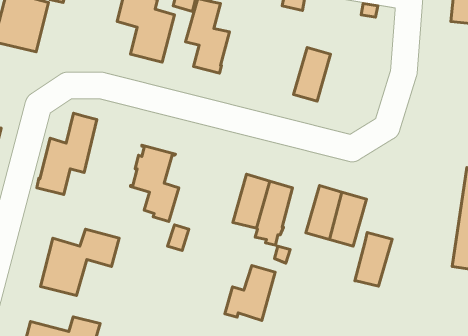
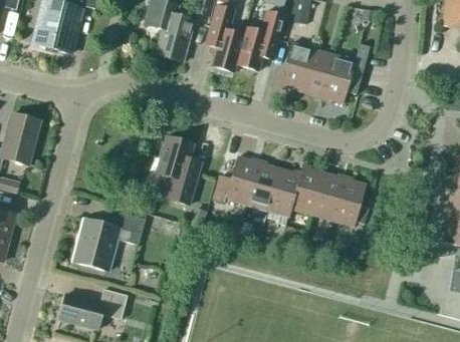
building: none -> [236,10,286,70]
building: none -> [279,42,313,90]
building: none -> [322,54,356,102]
building: [37,113,97,195] -> none
building: [355,232,392,286] -> [291,165,324,214]
building: [225,266,275,321] -> [214,155,259,205]

